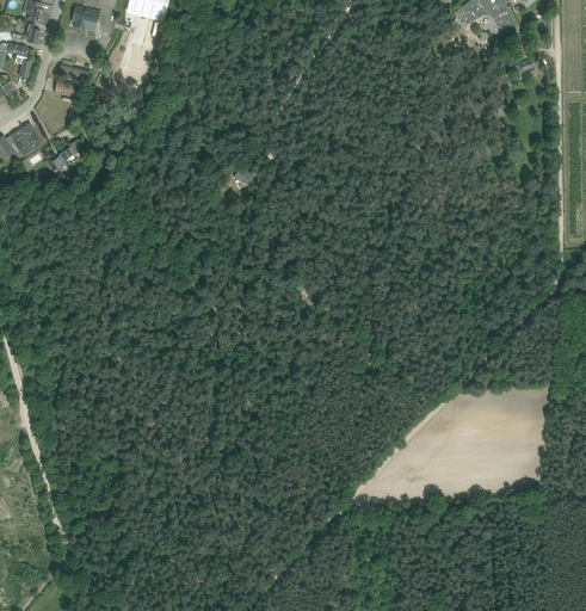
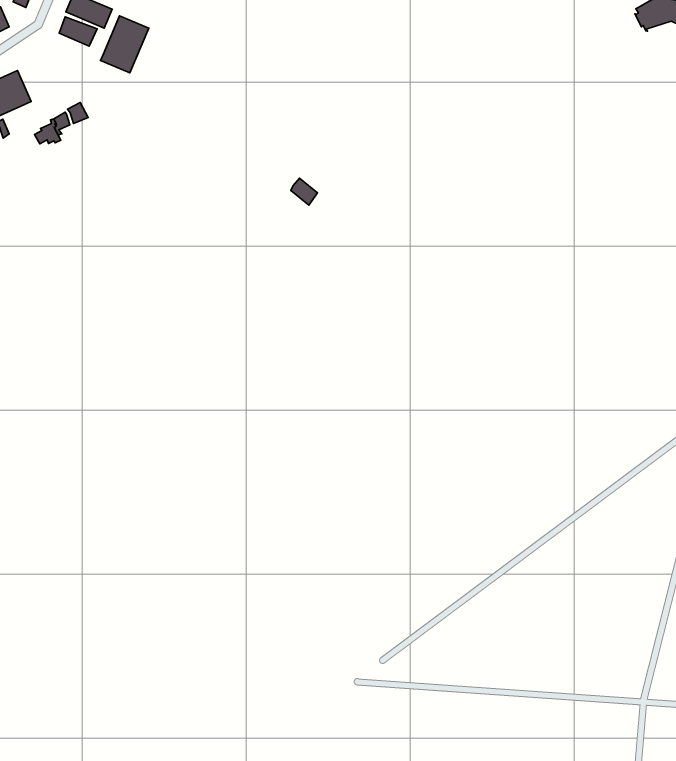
building: none -> [101,16,149,73]

